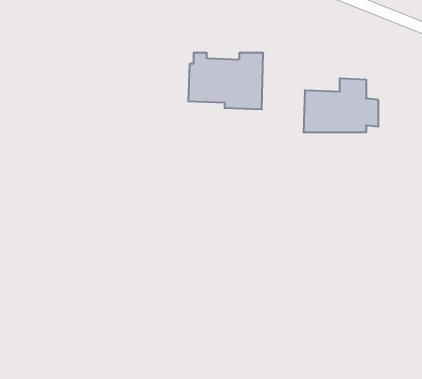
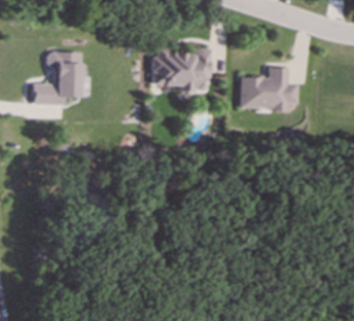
building: none -> [34,52,80,105]

